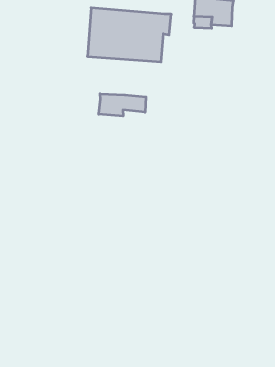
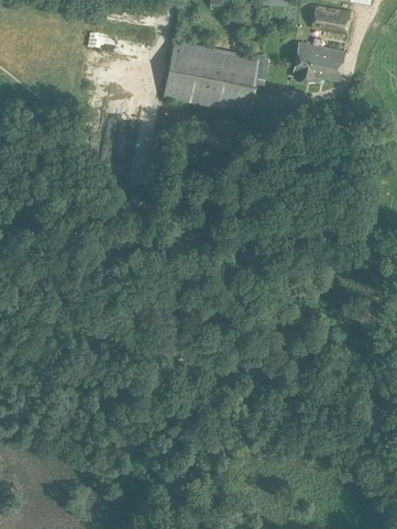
building: [99,94,146,116] -> none

